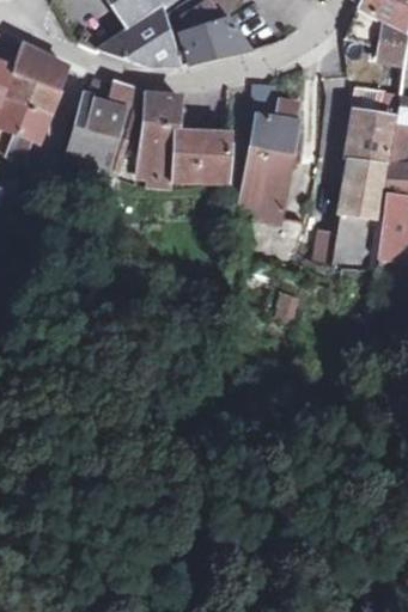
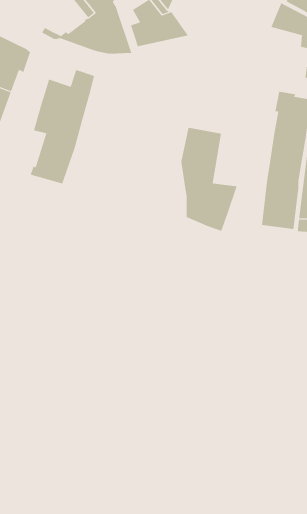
building: [249,81,299,158] -> none
building: [138,92,230,178] -> none

